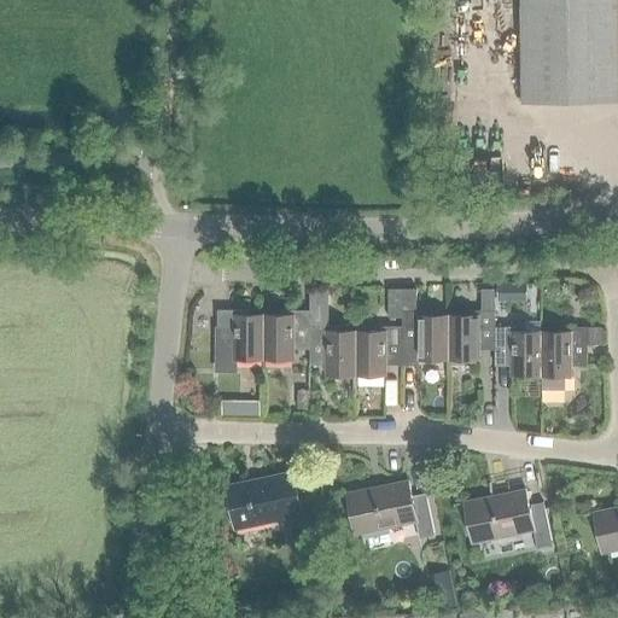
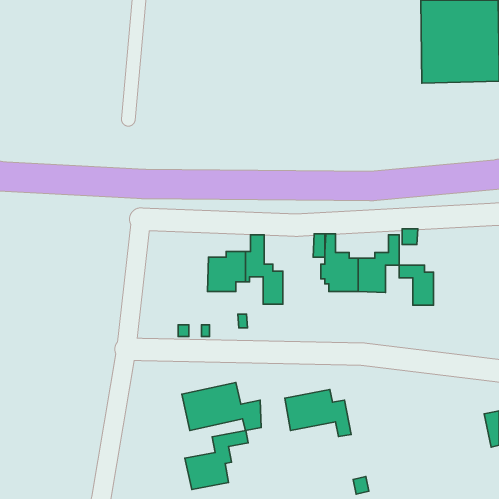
building: [215,311,257,371] -> none
building: [349,327,396,377] -> none
building: [535,327,600,391] -> none
building: [468,490,550,549] -> none
building: none -> [185,430,248,490]

